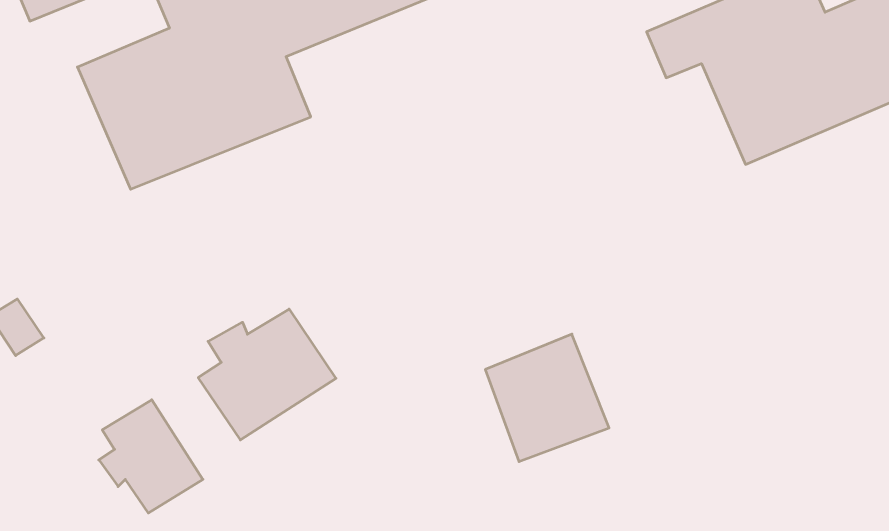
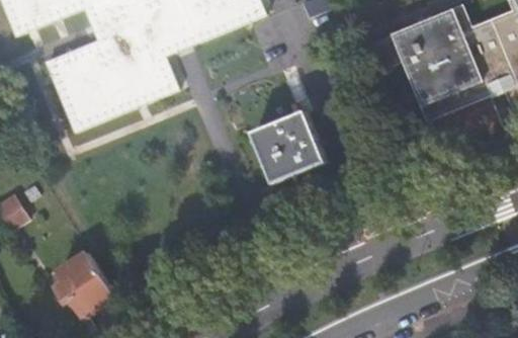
building: [198,309,336,440] -> none
building: [485,334,609,462] -> [256,109,327,182]

